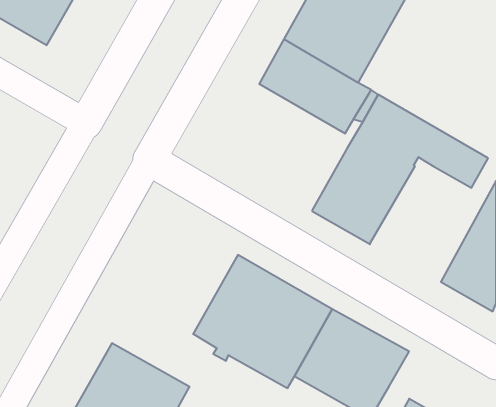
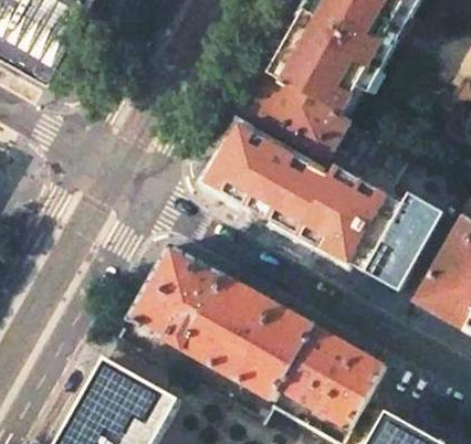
building: none -> [206,125,327,233]
building: none -> [348,192,443,292]
building: none -> [128,245,224,349]

